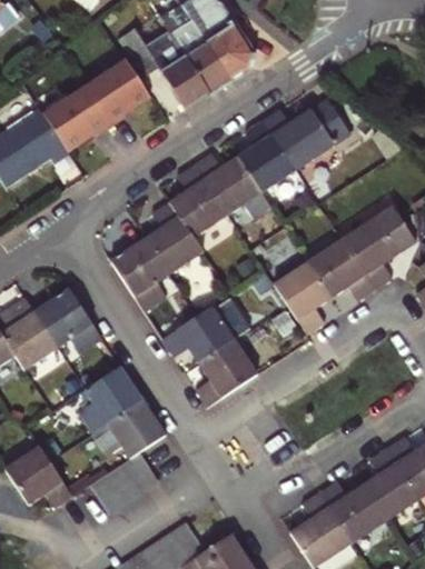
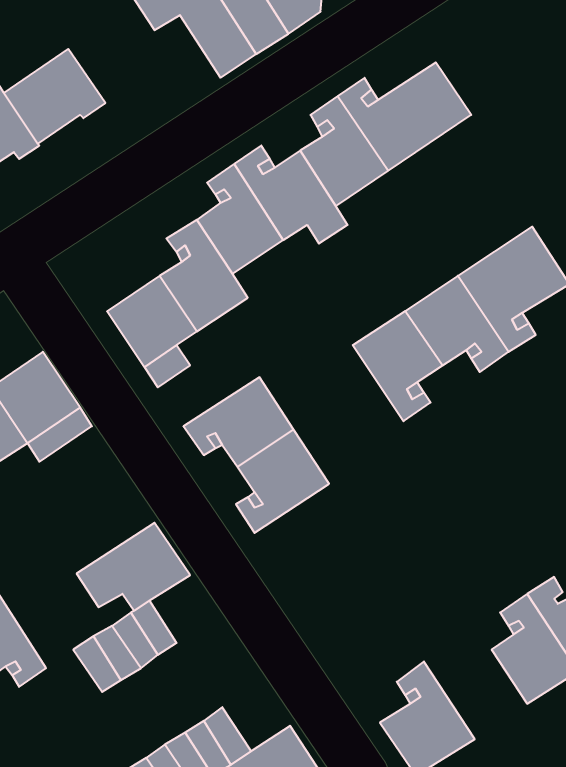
building: [86,62,149,124] -> none
building: [77,366,142,433] -> none
building: [319,480,387,542] -> none

